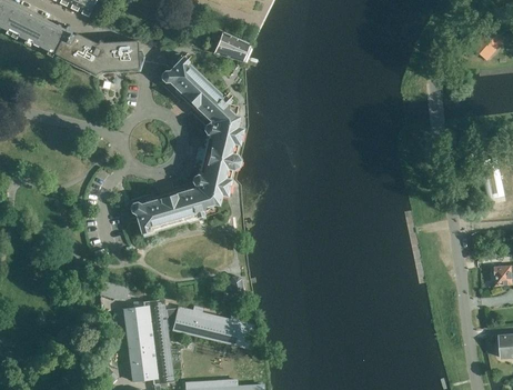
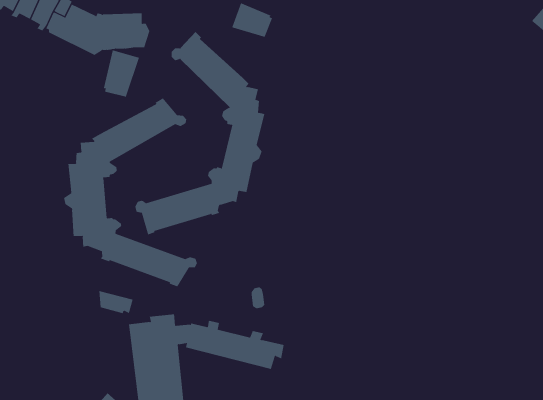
building: none -> [103,50,140,98]
building: none -> [64,97,198,287]

